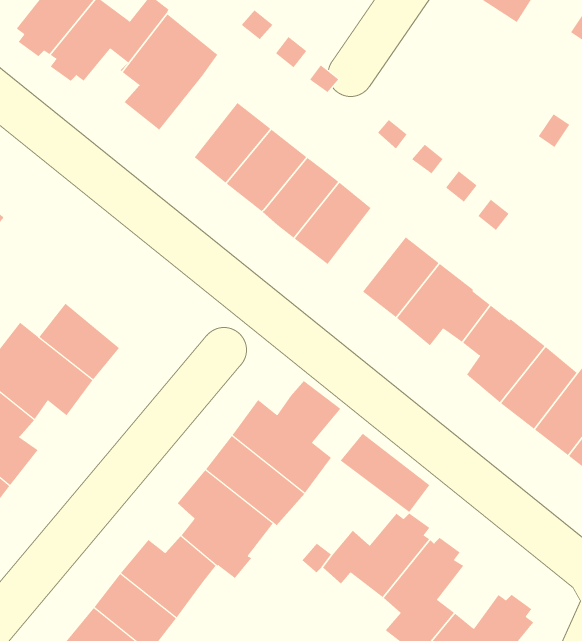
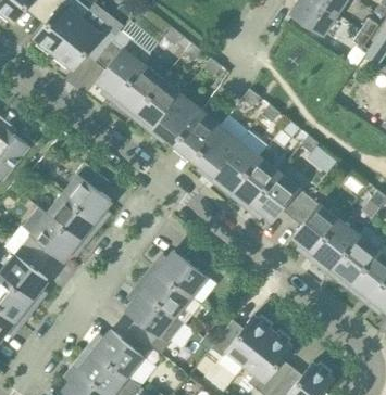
building: none -> [117,65,162,112]
building: none -> [214,141,259,189]
building: none -> [63,163,111,221]
building: [340,433,430,513] -> none

